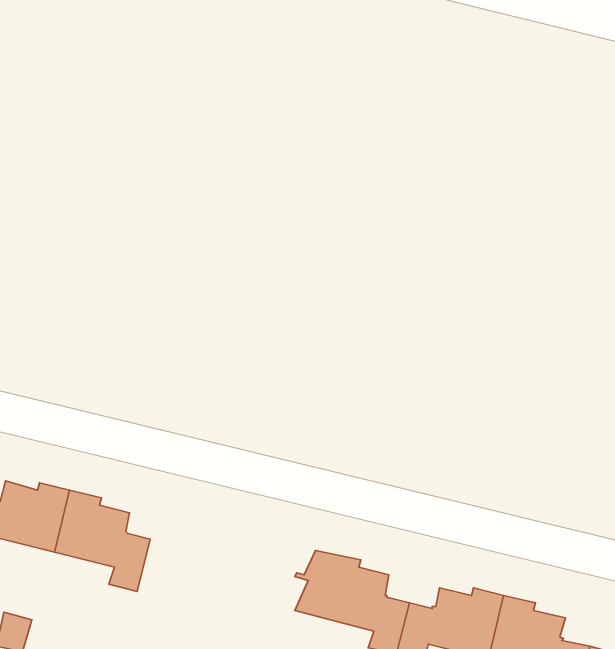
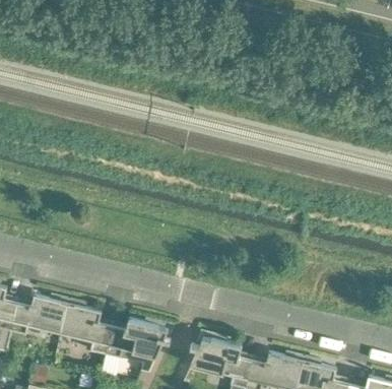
building: none -> [103,317,171,373]

